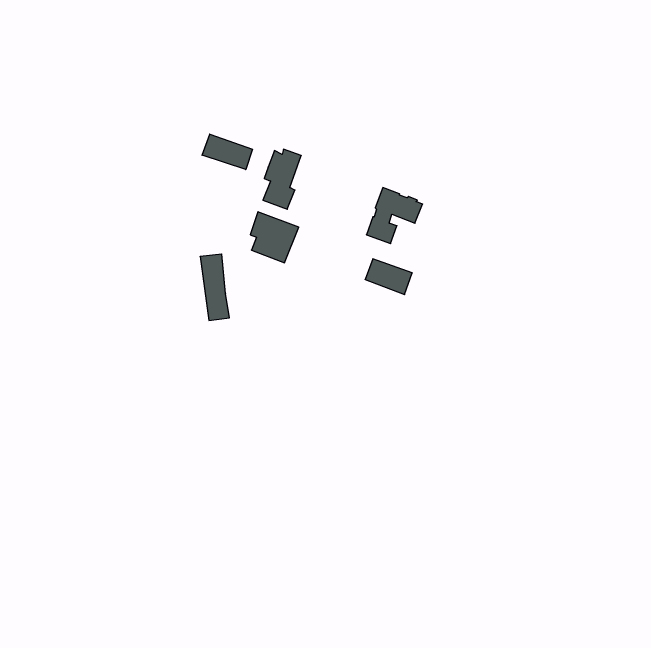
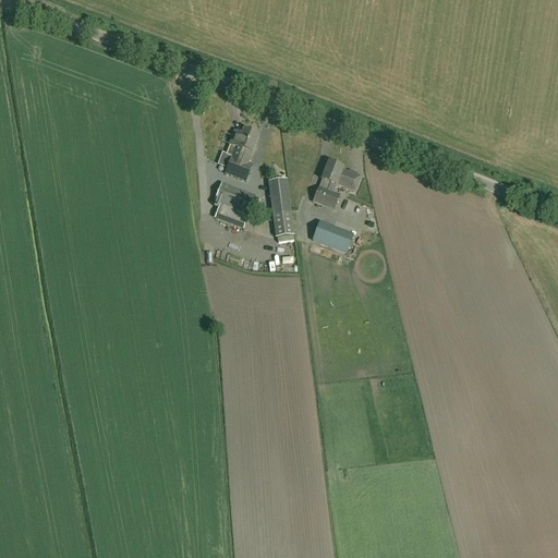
building: [202,134,253,170] -> none
building: [200,254,229,320] -> [268,179,293,235]

